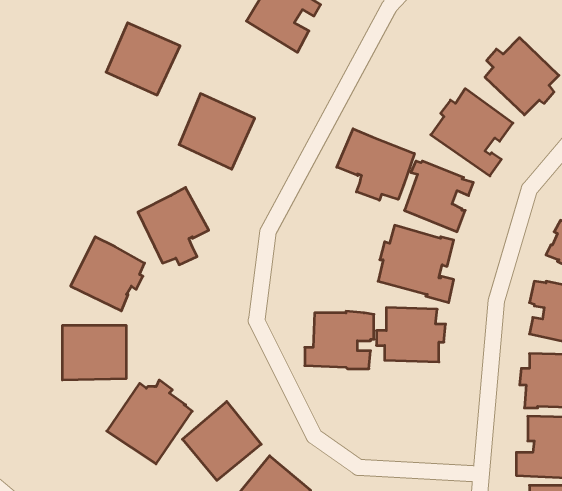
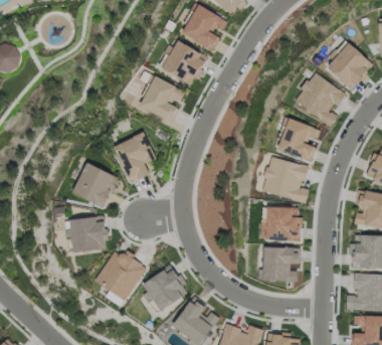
building: [106,23,180,95] -> [162,41,207,85]
building: [337,129,414,200] -> none
building: [305,311,374,369] -> [257,246,300,282]

